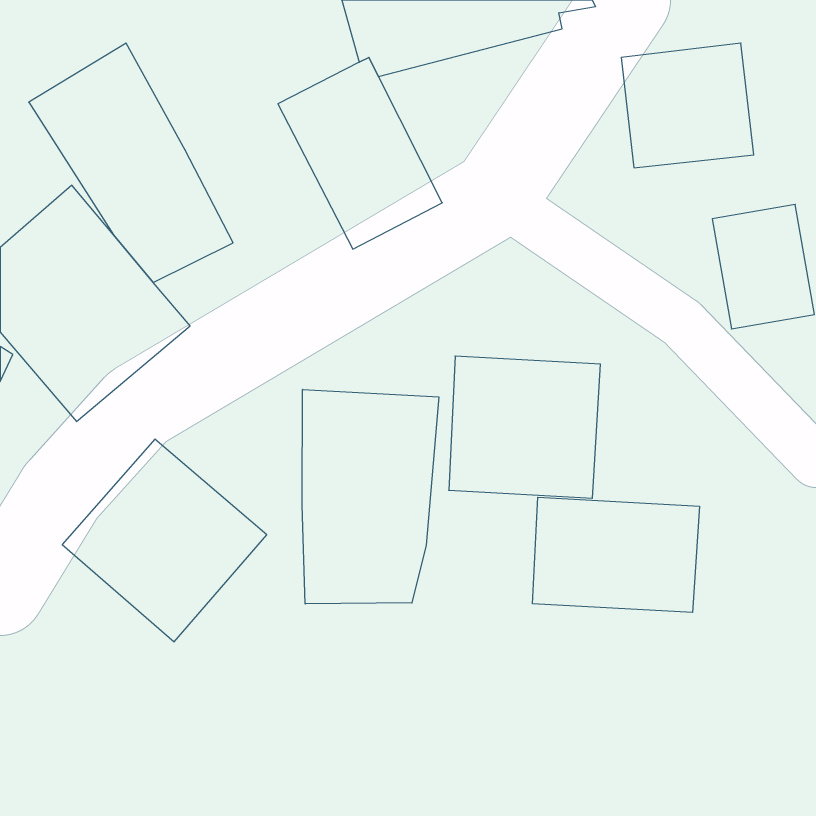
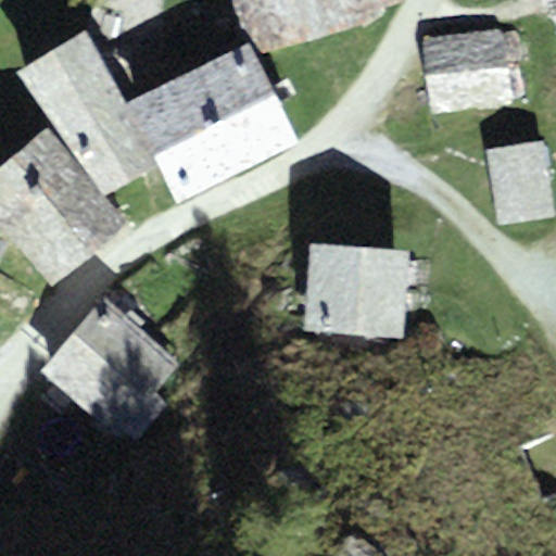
building: none -> [126,71,240,201]
building: [302,389,439,604] -> none
building: [533,497,699,612] -> none

